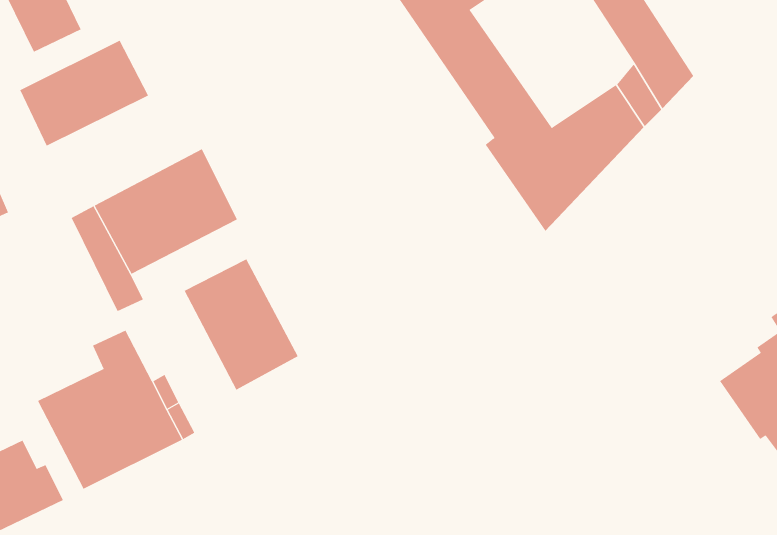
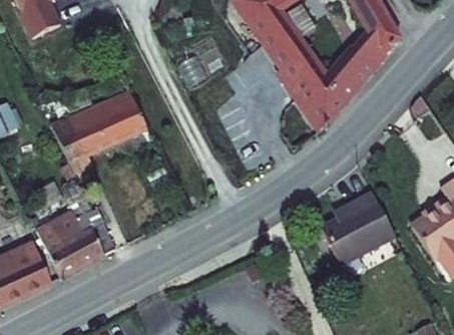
building: [20,40,149,146] -> none
building: [184,259,298,391] -> none
building: none -> [325,188,403,263]

